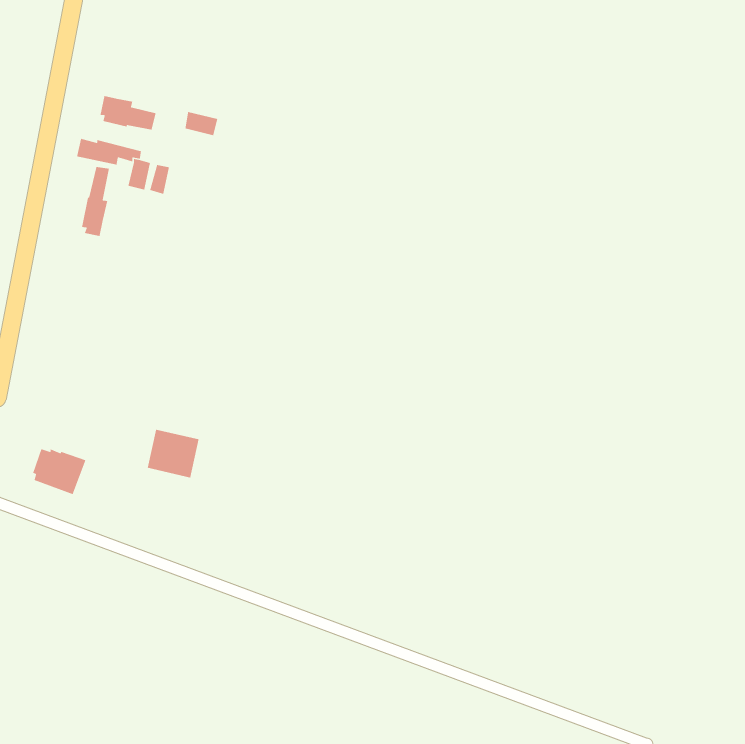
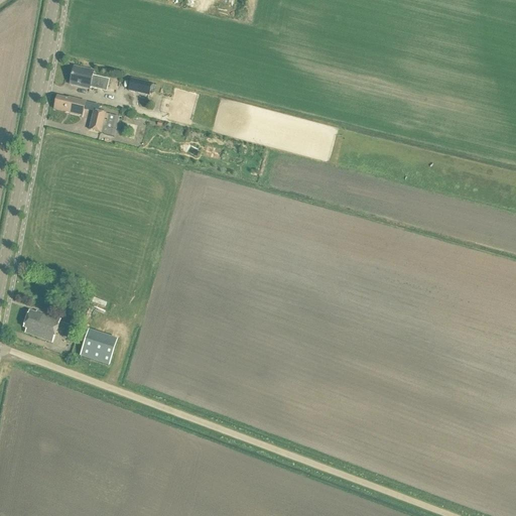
building: [81,166,110,237] -> none
building: [147,429,199,479] -> [84,329,120,363]

